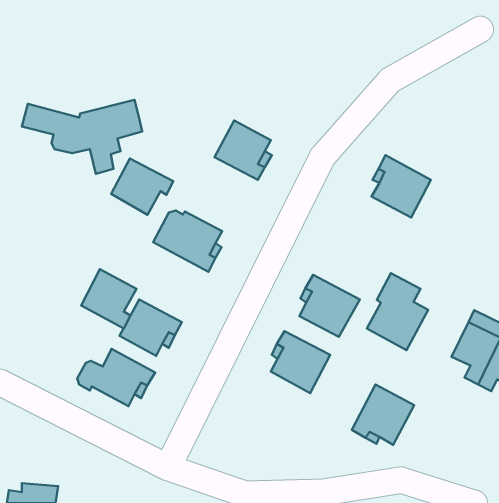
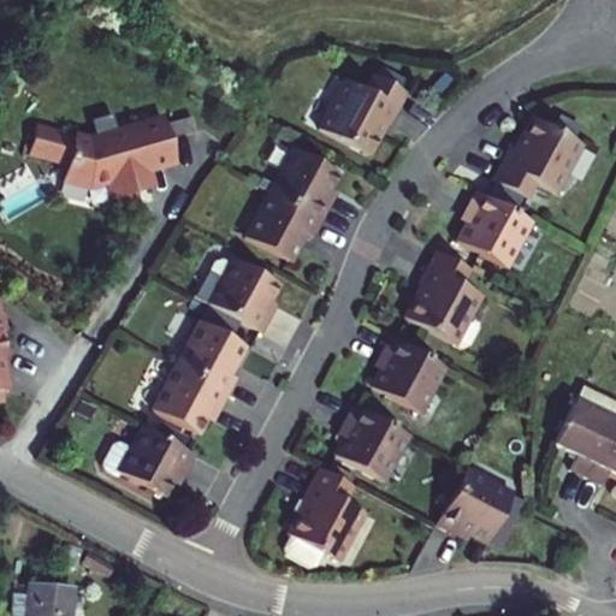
building: none -> [322,73,411,154]
building: none -> [494,114,582,196]
building: [111,158,173,215] -> [245,191,321,260]
building: [81,269,137,328] -> [177,320,244,392]
building: [367,273,428,350] -> [407,248,481,342]
building: none -> [285,466,365,567]

